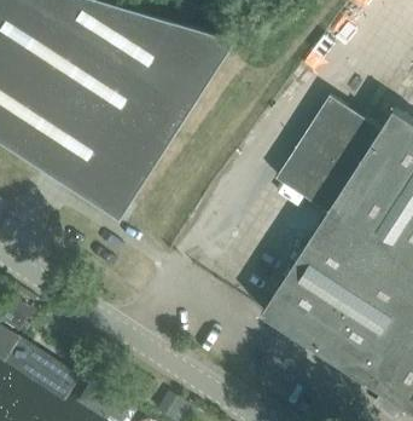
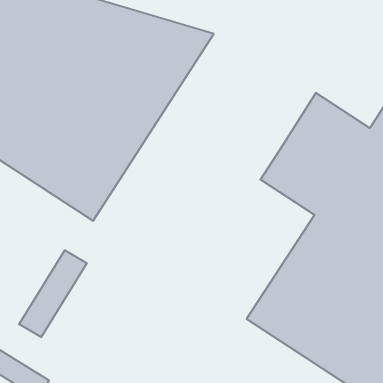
building: none -> [19,250,87,337]

